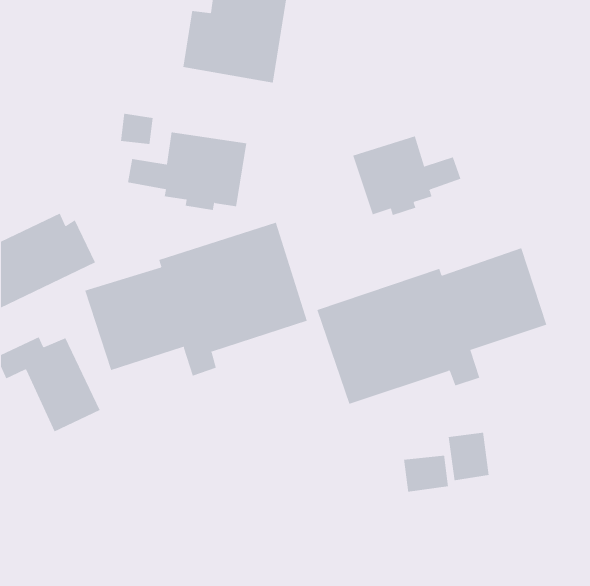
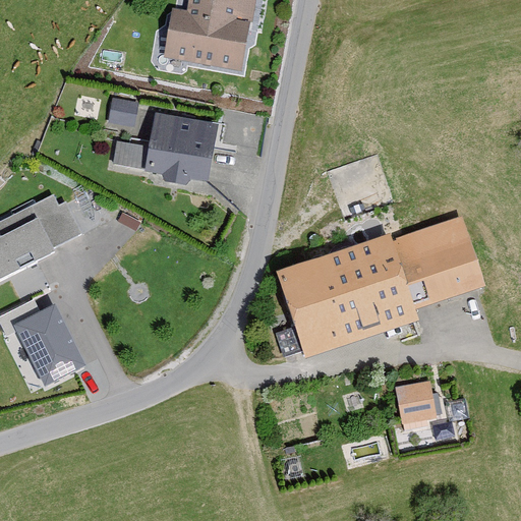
building: [353,135,461,216] -> none
building: [84,222,308,376] -> none
building: [403,455,449,492] -> none

